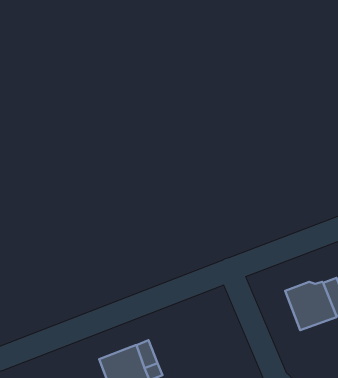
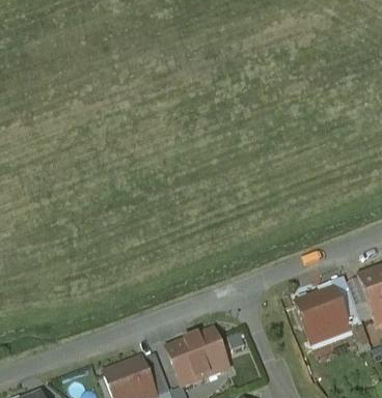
building: none -> [167,328,228,383]

